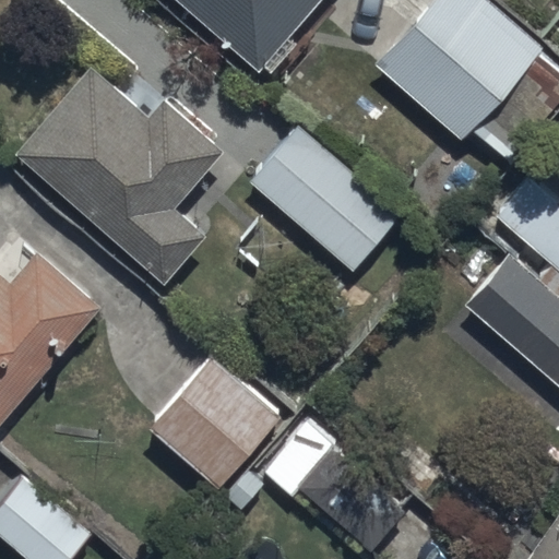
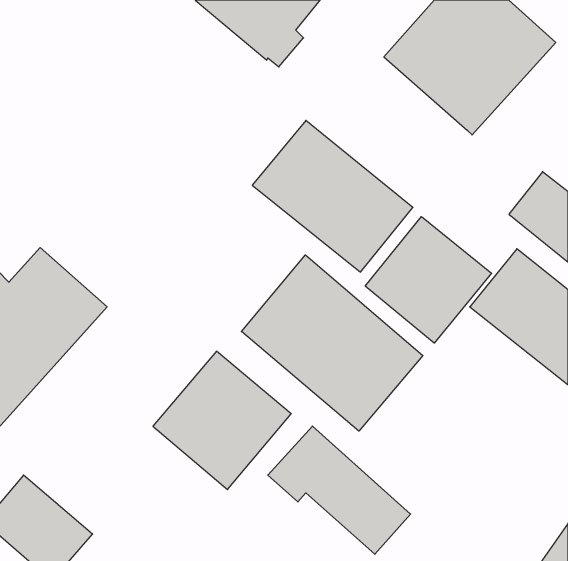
building: [14,66,226,285] -> none
building: none -> [365,217,492,343]
building: none -> [241,255,423,431]

